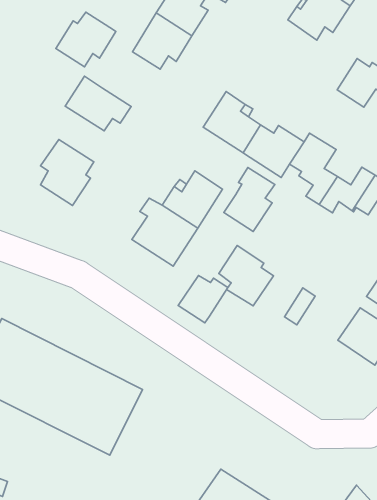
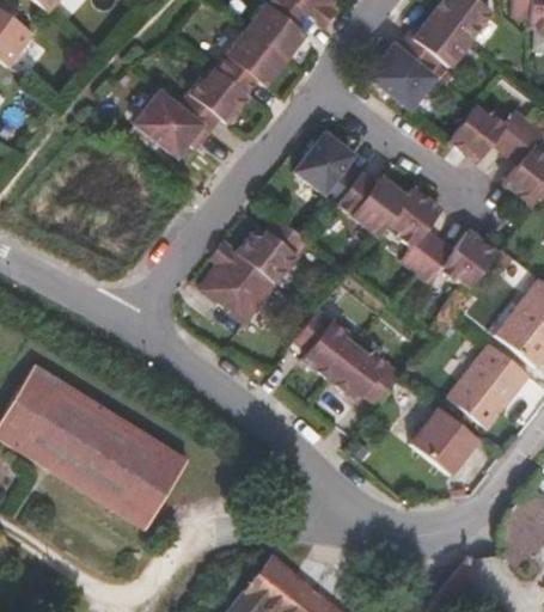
building: none -> [366,43,433,115]
building: [56,12,116,67] -> [178,74,249,136]
building: [40,139,94,206] -> none
building: [224,168,275,231] -> none
building: [178,275,228,323] -> [328,344,386,399]

